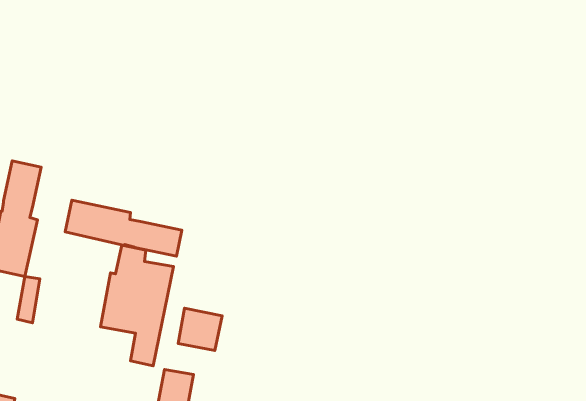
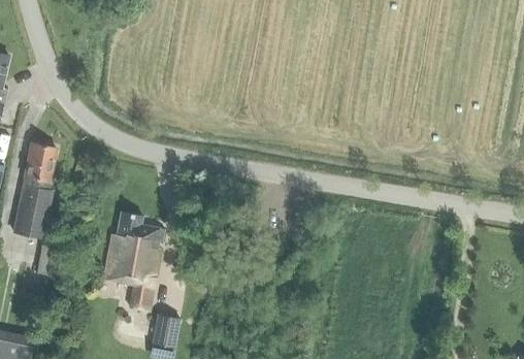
building: [65,200,182,256] -> none
building: [178,308,222,351] -> none

